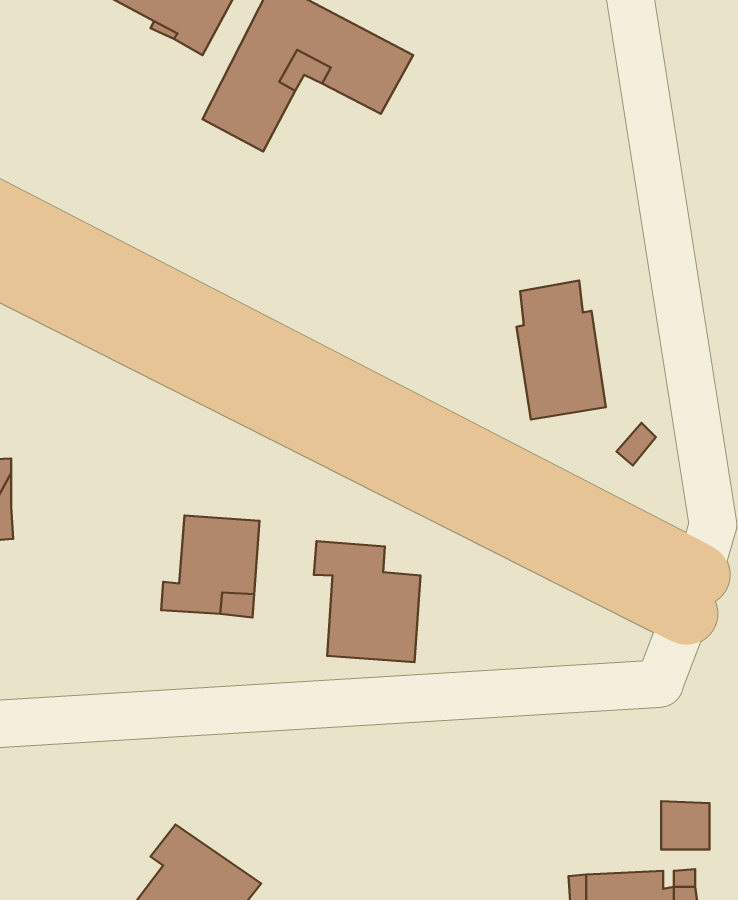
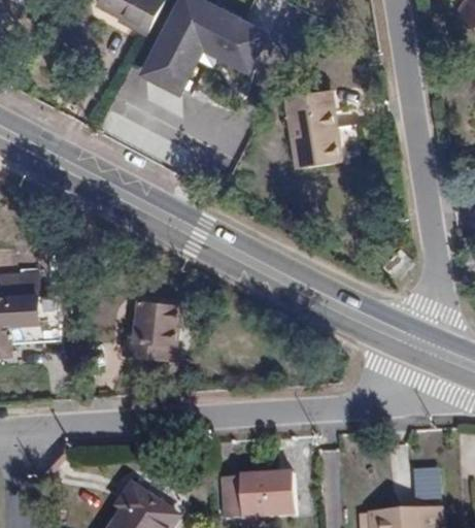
building: [517,280,606,420] -> [287,89,339,169]
building: [314,541,421,662] -> none
building: none -> [222,472,294,517]

